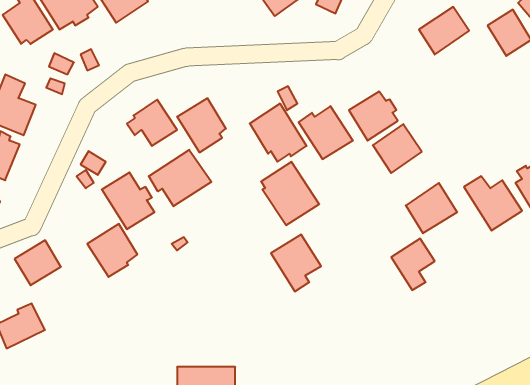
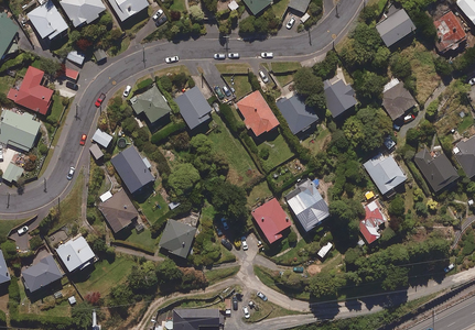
building: [373,124,422,173] -> [376,80,417,121]
building: [149,150,211,206] -> none
building: [261,162,319,225] -> [284,178,333,231]
building: [15,240,61,285] -> [56,233,95,271]
building: none -> [158,218,195,257]

